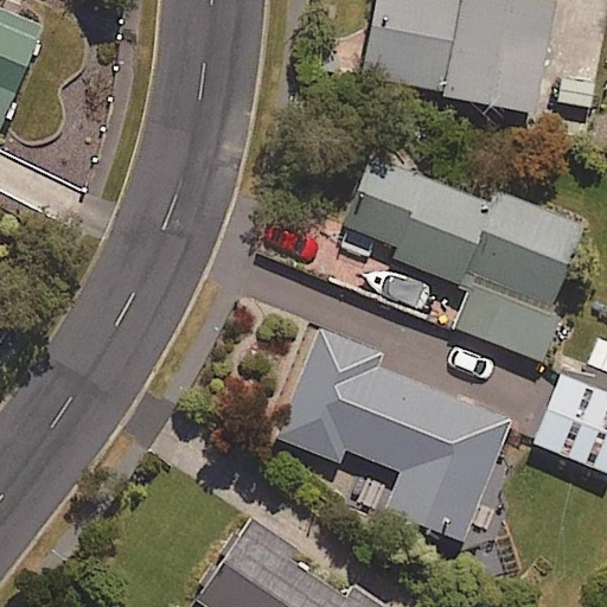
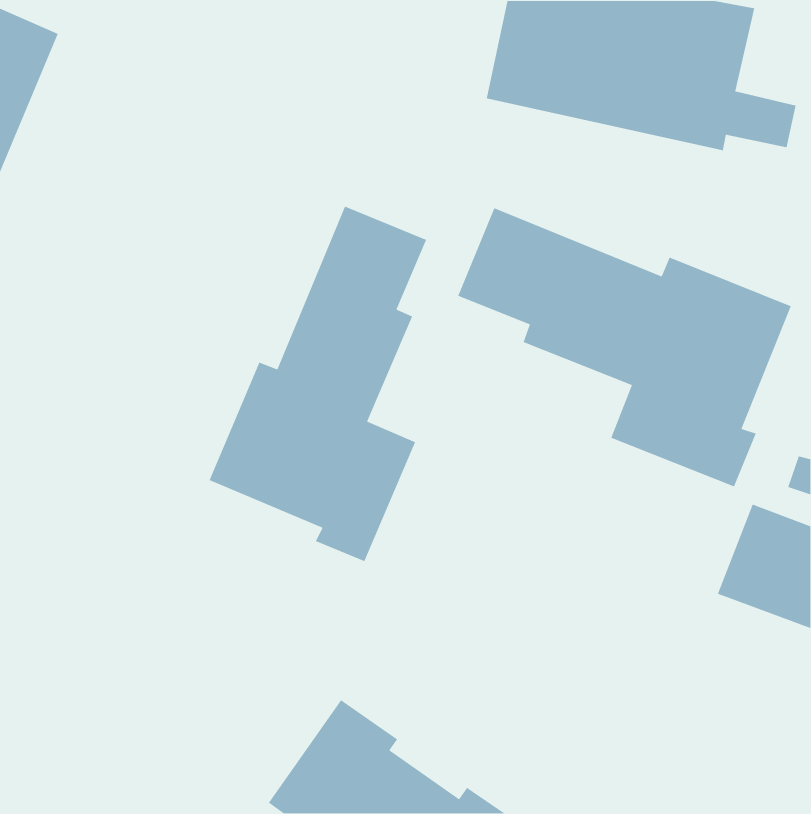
building: none -> [209,205,427,562]
building: [269,330,513,547] -> none

